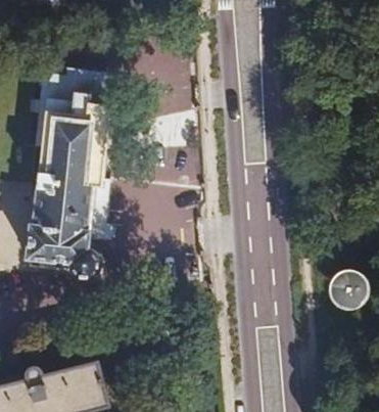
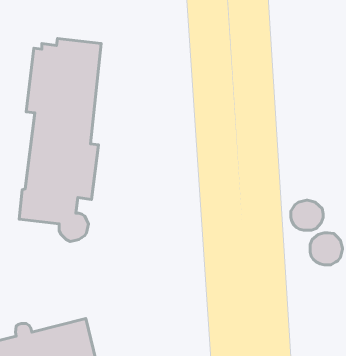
building: none -> [291,200,323,230]

